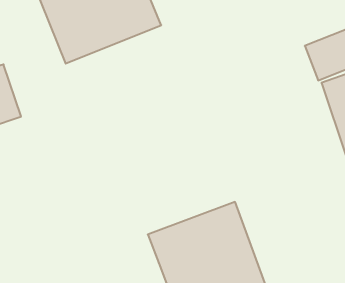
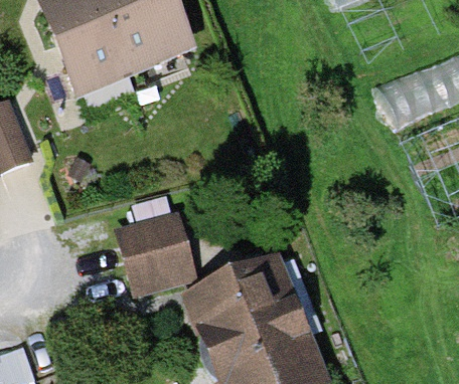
building: none -> [119,221,192,292]

